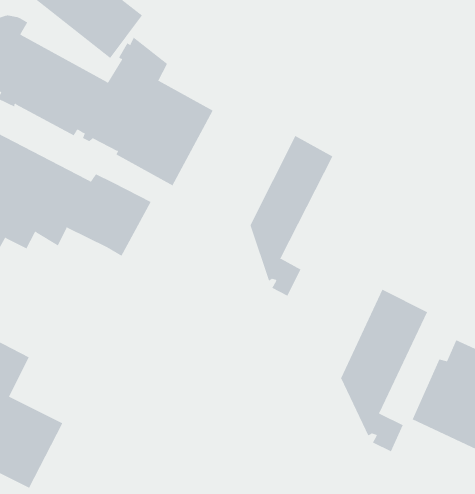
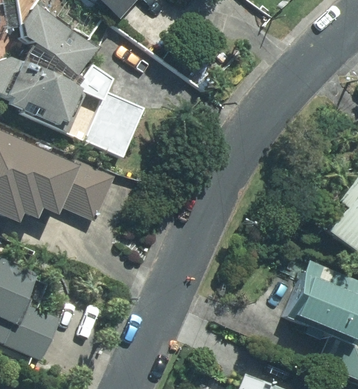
building: [250,135,333,297] -> none
building: [340,289,428,452] -> none

